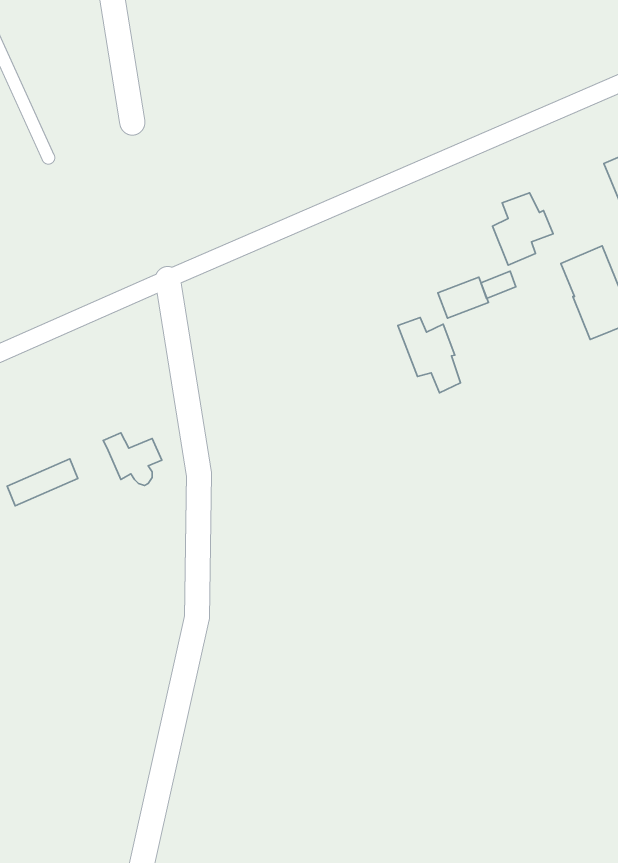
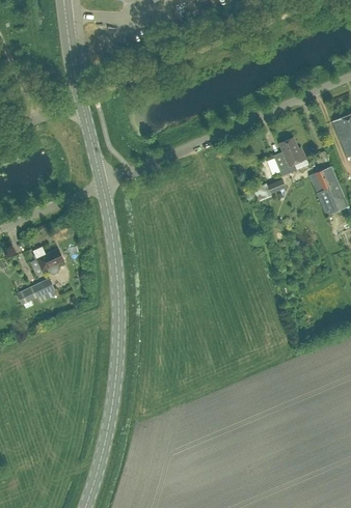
building: [398,317,460,393] -> none
building: [103,433,162,485] -> [32,246,63,274]

